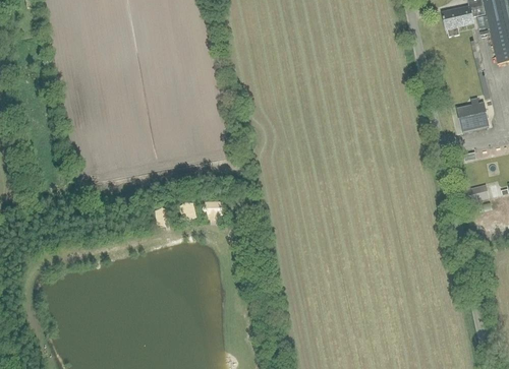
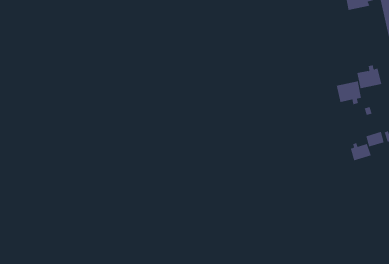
building: none -> [336,80,361,105]
building: none -> [350,142,371,161]

